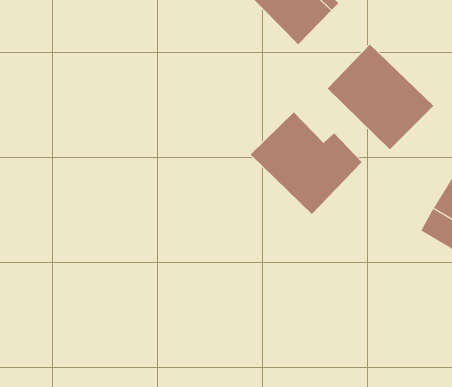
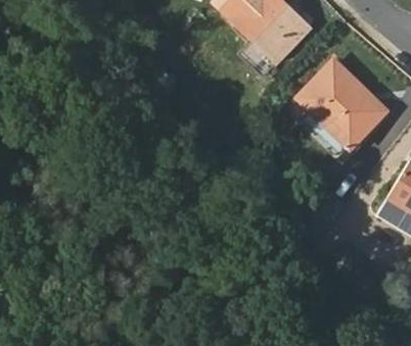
building: [250,111,362,215] -> none

